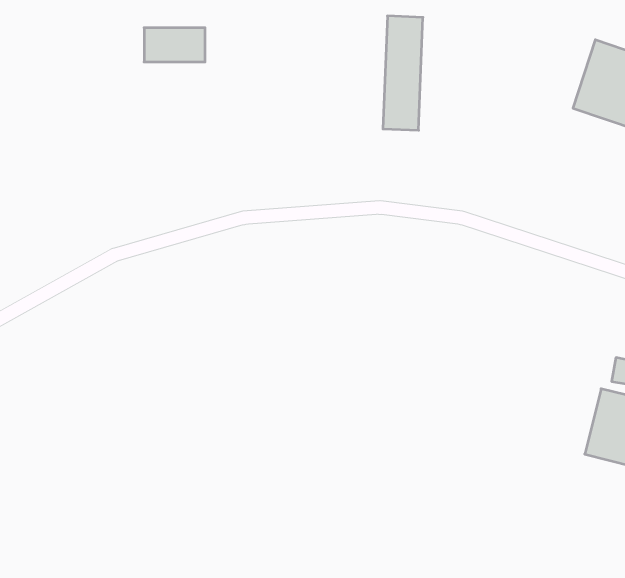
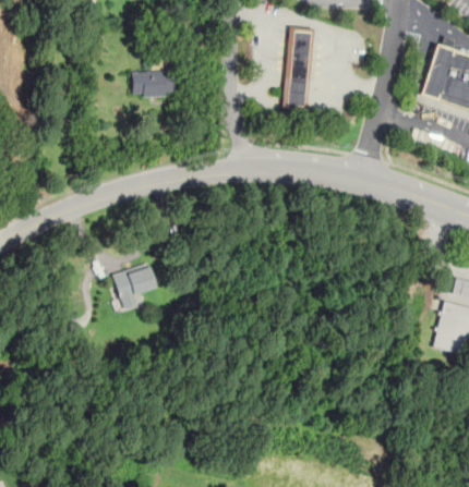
building: [144,28,205,62] -> [132,71,177,96]
building: none -> [113,264,157,309]

